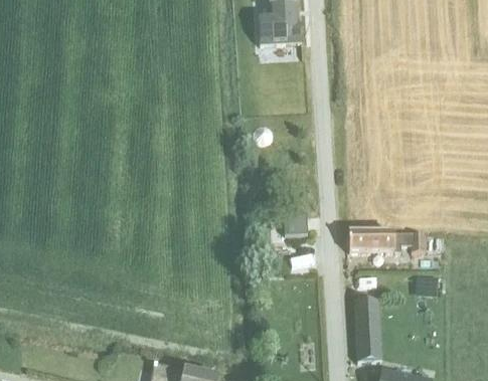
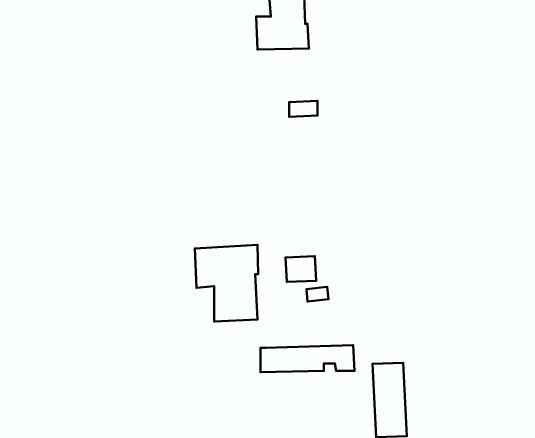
building: none -> [195,245,258,321]
building: [348,229,426,251] -> [260,345,355,372]

